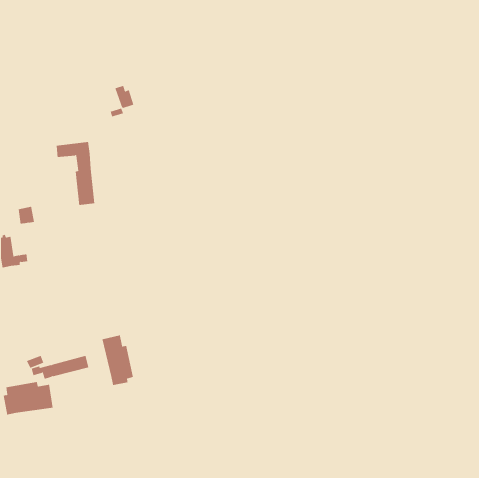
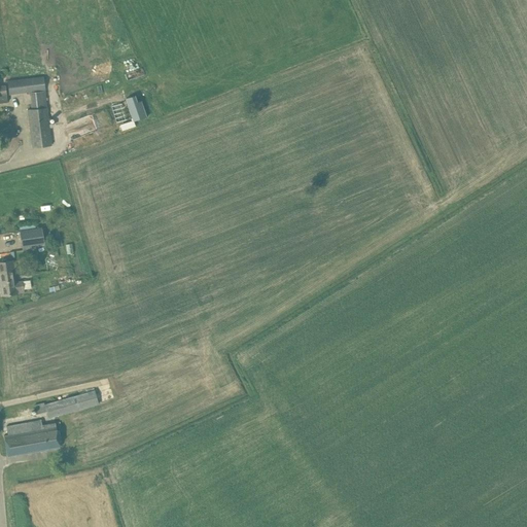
building: [56,142,95,205] -> [7,76,50,146]
building: [102,335,133,386] -> none

